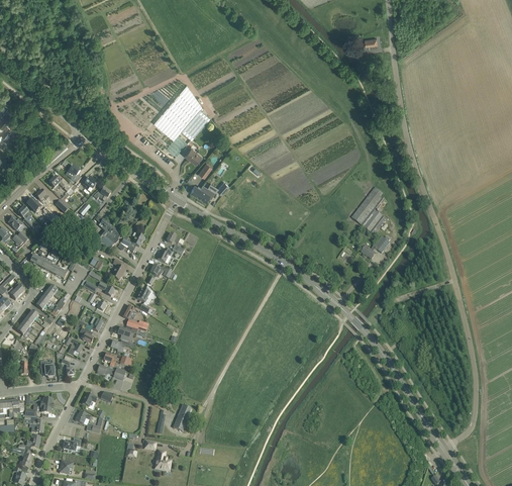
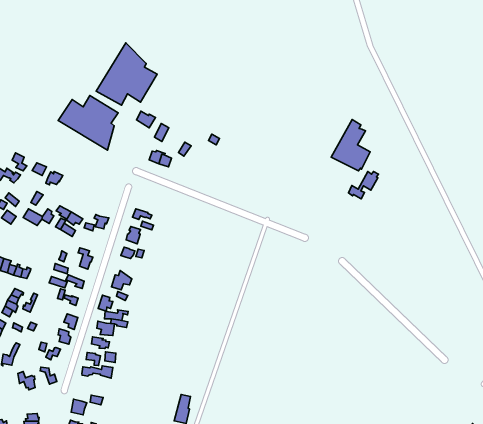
building: none -> [58,96,118,150]

